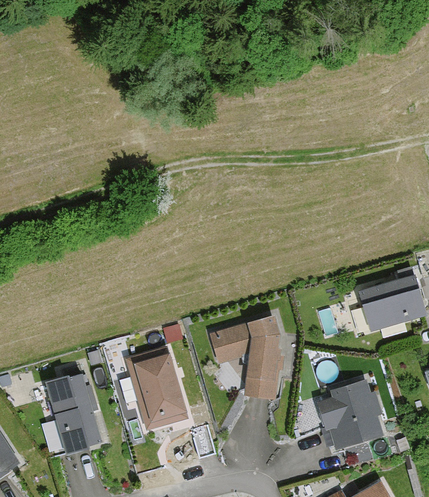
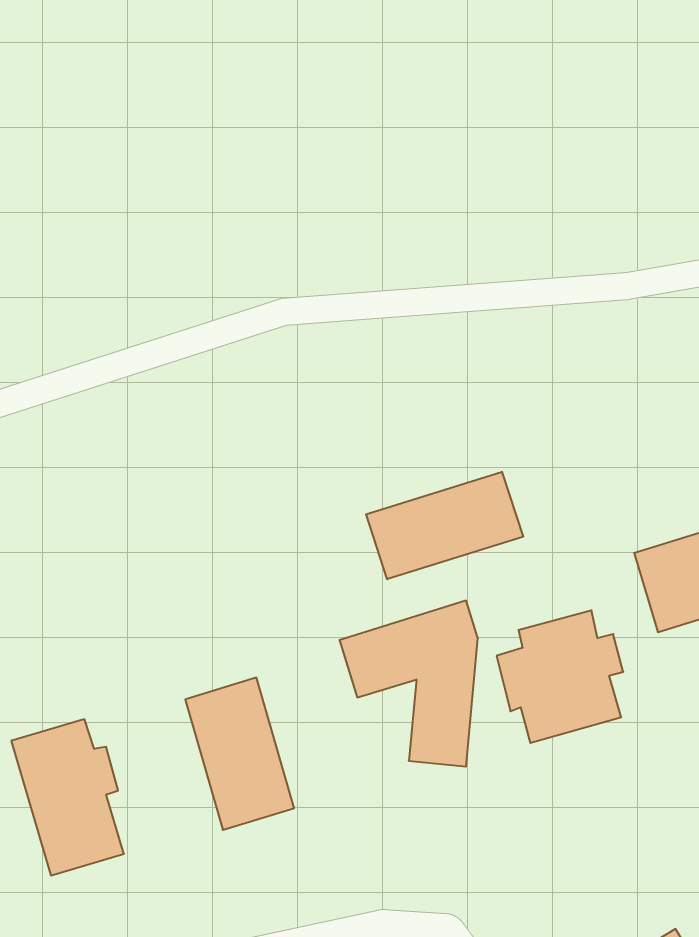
building: none -> [366,472,523,579]
building: [318,381,382,448] -> [497,610,623,743]

